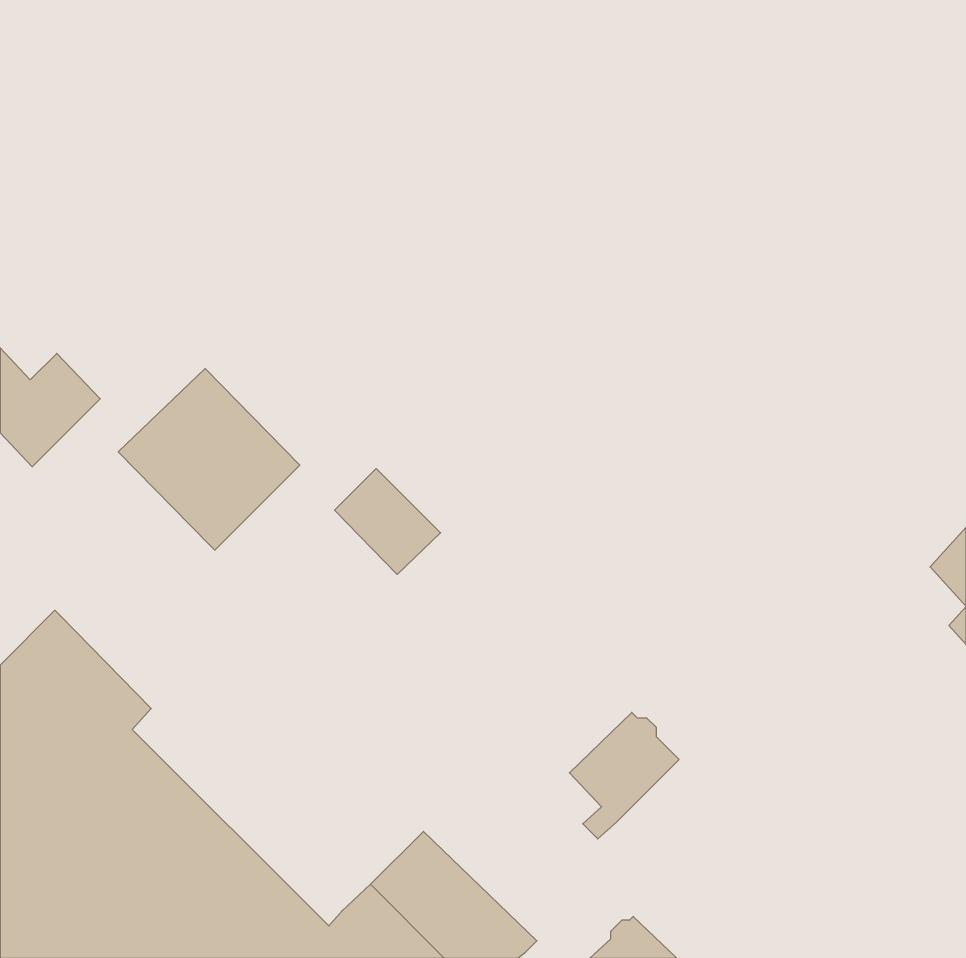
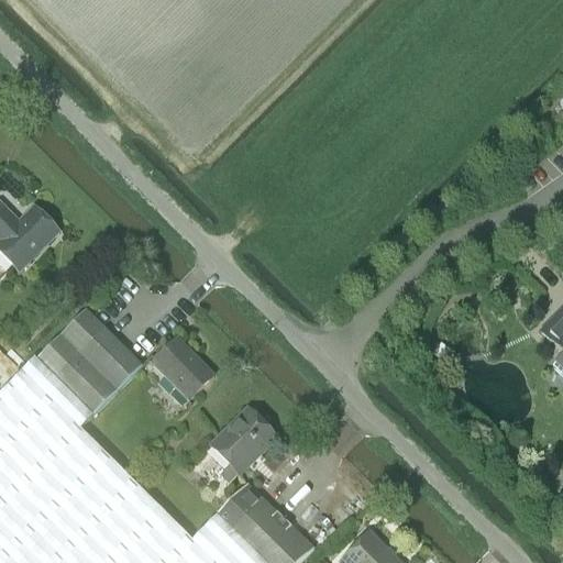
building: [118,369,300,550] -> [35,310,141,416]
building: [335,469,441,574] -> [152,339,213,400]
building: [569,712,679,839] -> [211,410,275,484]

